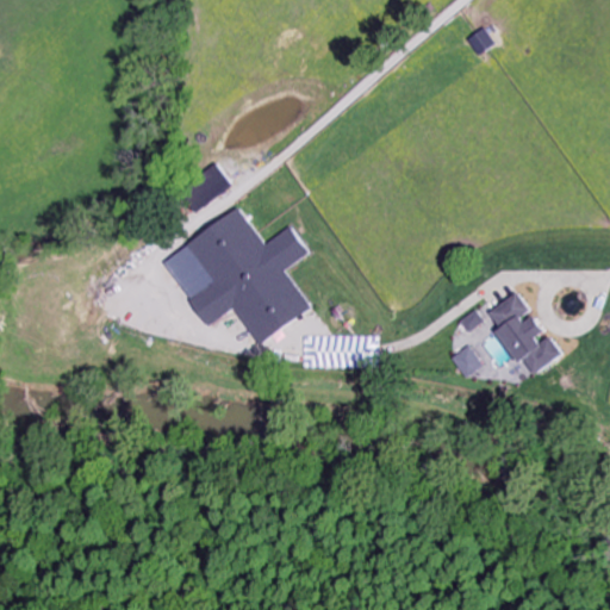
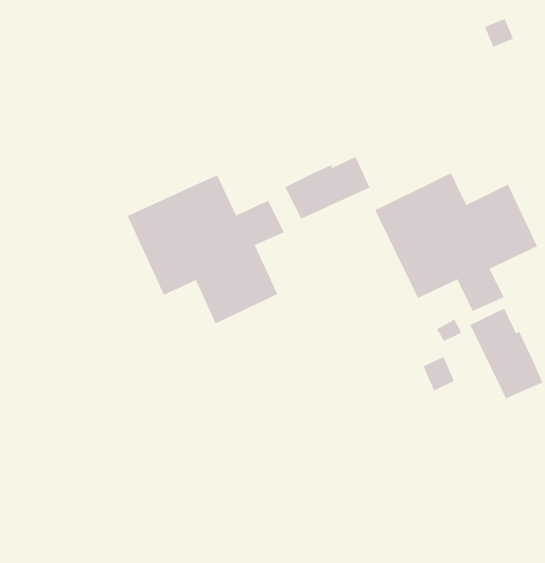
building: none -> [285,156,370,220]
building: none -> [374,173,538,312]

